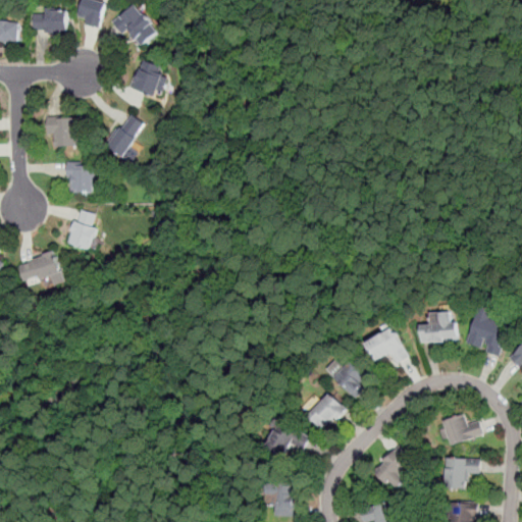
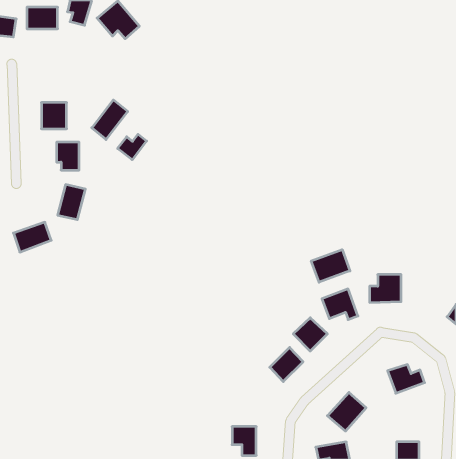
building: [127,59,163,97] -> none
building: none -> [118,134,147,160]
building: none -> [311,250,350,282]
building: [465,308,507,355] -> none
building: [266,424,307,459] -> none
building: [443,458,478,489] -> none

